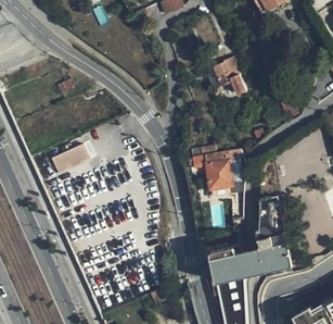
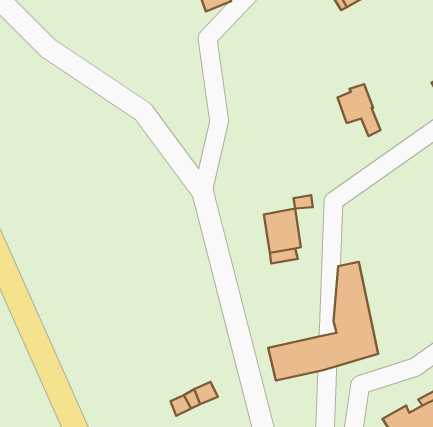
building: [214,57,245,95] -> [337,84,381,136]
building: [51,144,92,174] -> none

